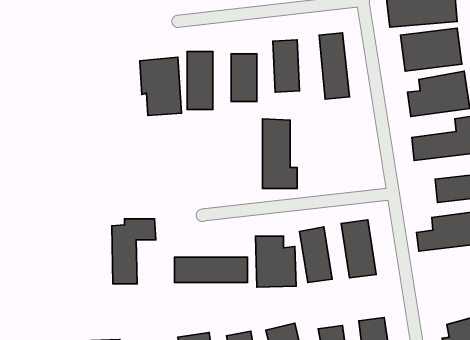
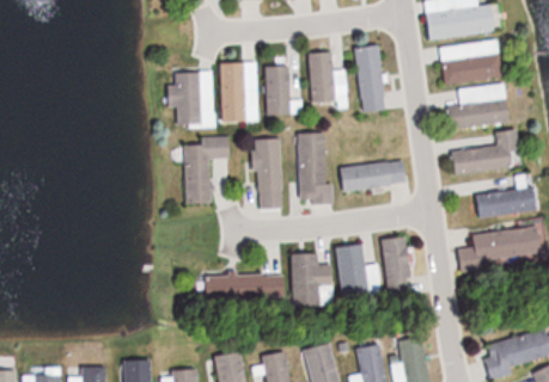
building: none -> [255,138,282,209]
building: none -> [340,161,407,190]
building: [112,219,156,284] -> [185,137,231,204]

